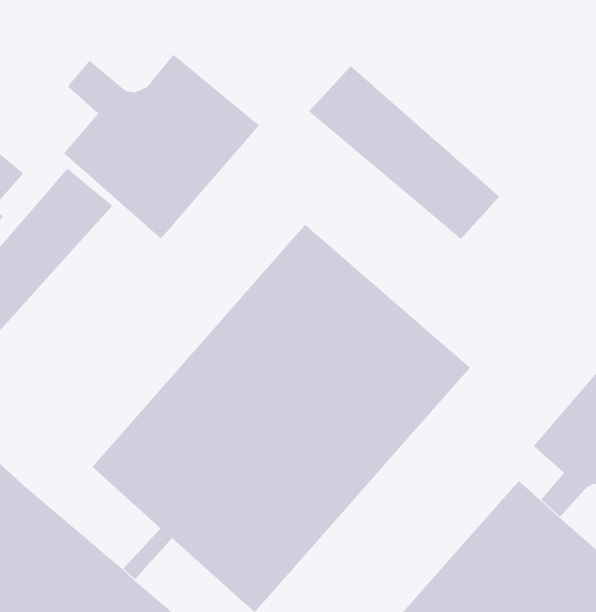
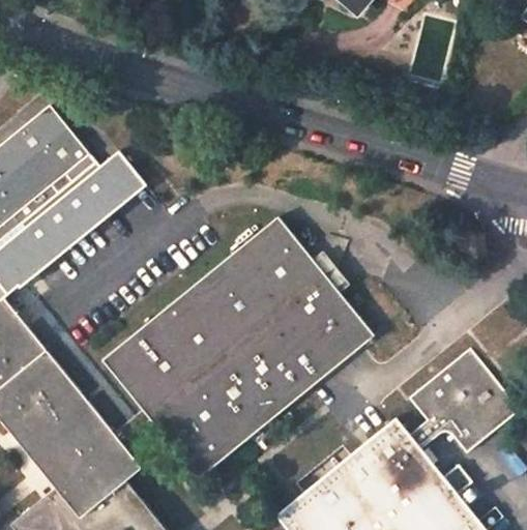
building: [63,54,260,239] -> none
building: [308,65,500,240] -> none

